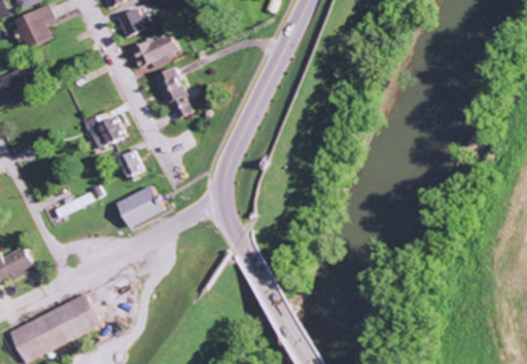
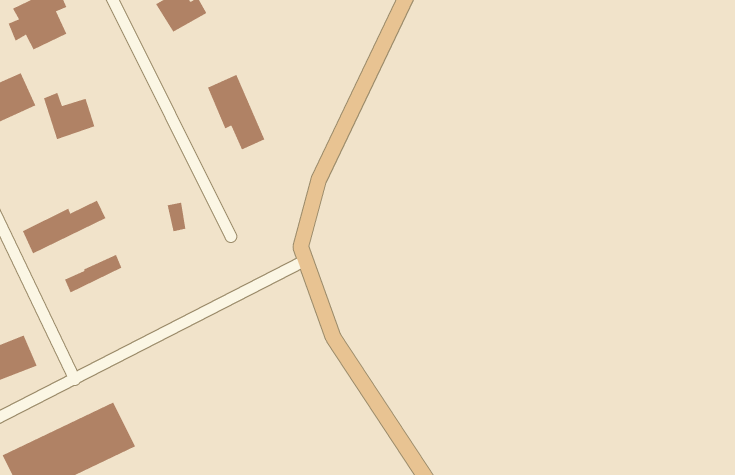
building: [128,33,179,70] -> none
building: [85,115,121,148] -> [43,92,95,140]
building: none -> [22,200,106,254]
building: [118,185,168,225] -> none

